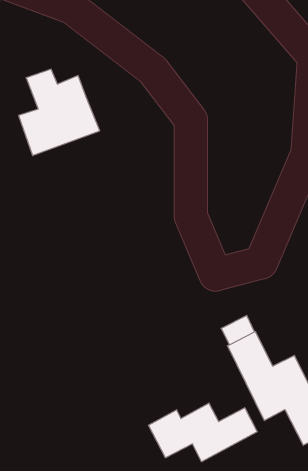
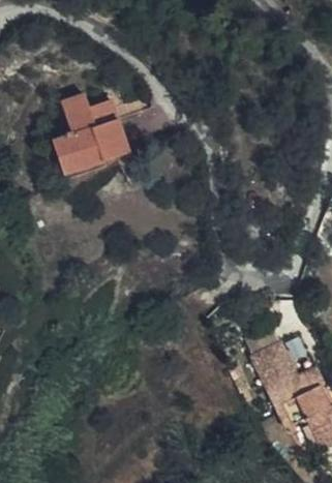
building: [149,403,257,462] -> none

